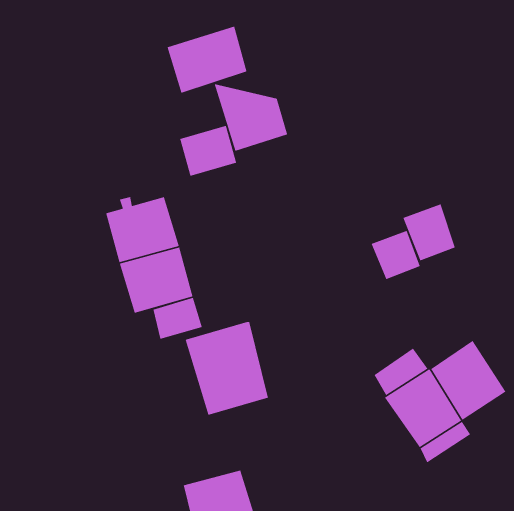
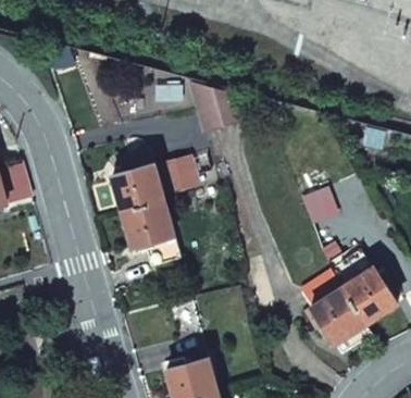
building: [167,26,248,94] -> none
building: [179,125,237,177] -> [157,157,198,194]
building: [403,204,456,261] -> none
building: [185,321,269,416] -> none

